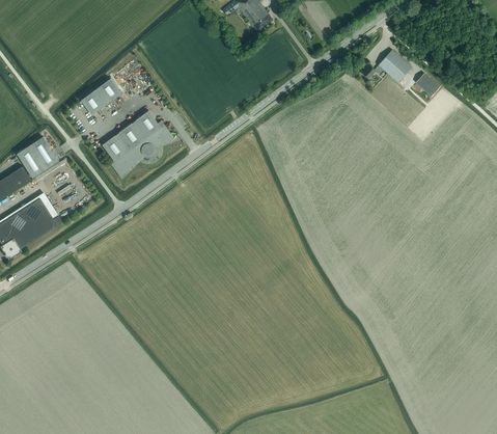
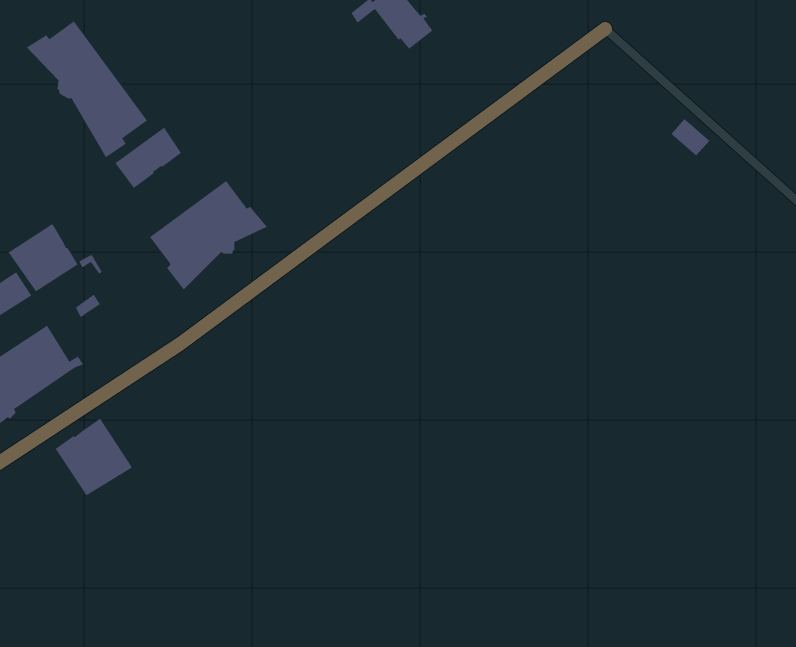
building: none -> [26,20,148,158]
building: [363,50,412,82] -> none
building: none -> [55,418,133,496]

